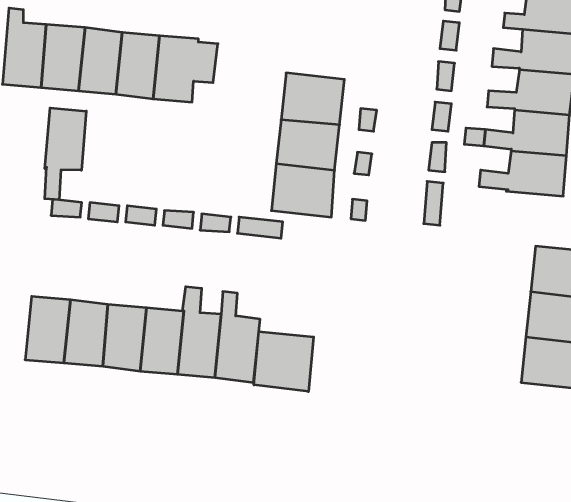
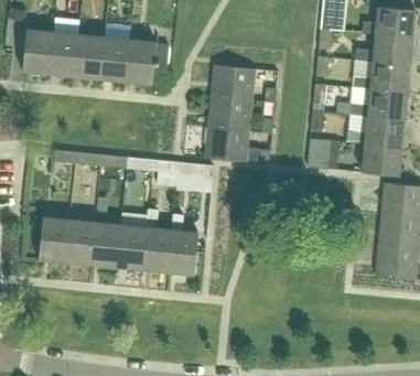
building: [45,108,86,200] -> none
building: none -> [363,144,403,176]
building: [254,332,314,392] -> none

